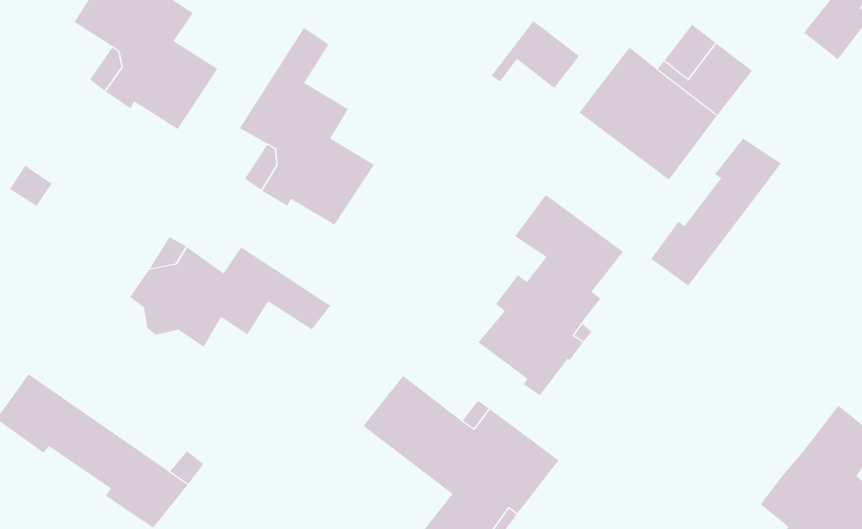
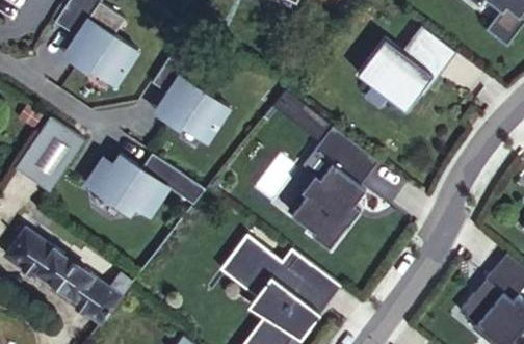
building: [491,20,580,89] -> none
building: [650,138,782,286] -> none
building: none -> [14,120,83,195]

